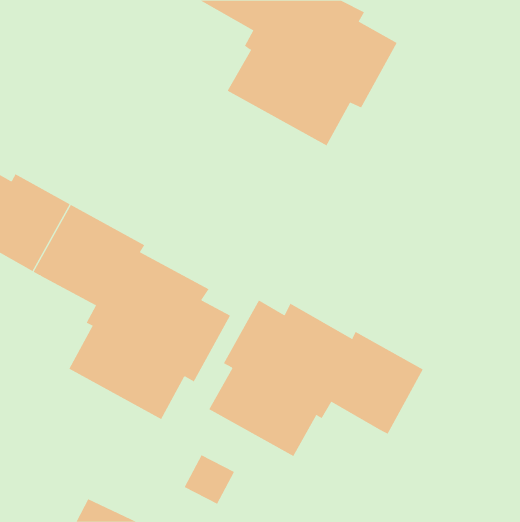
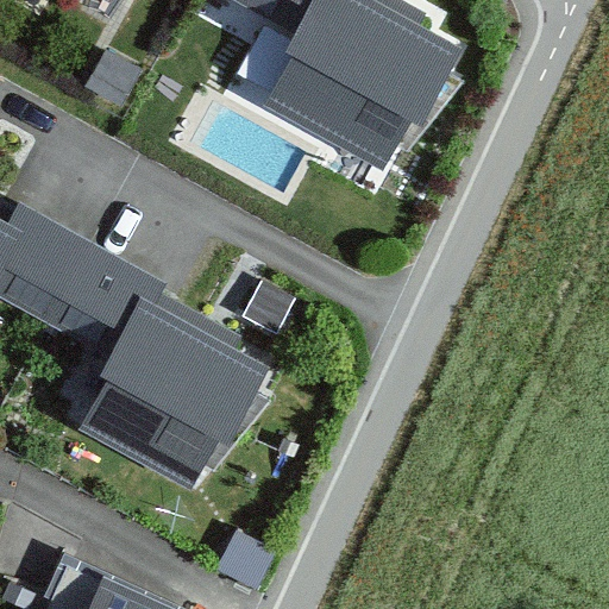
building: [209,300,424,457] -> none

